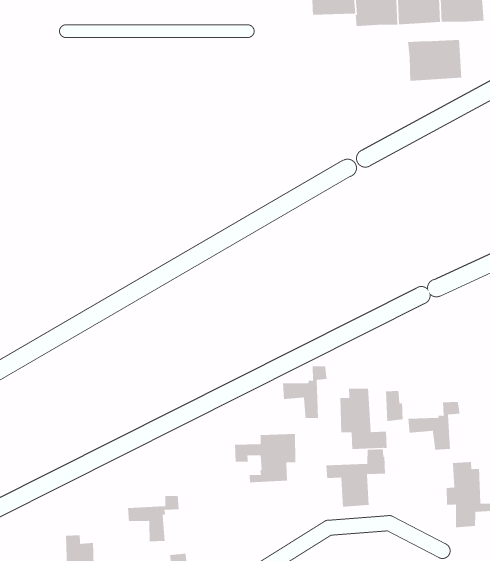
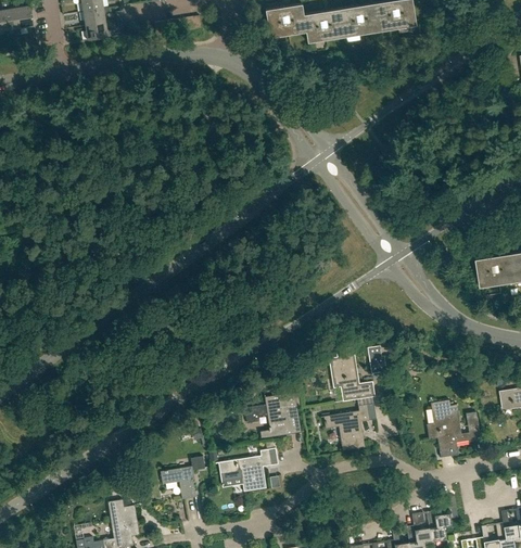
building: [407,39,462,82] -> none
building: [282,365,327,419] -> none
building: [408,401,461,450] -> none
building: none -> [218,448,278,492]

